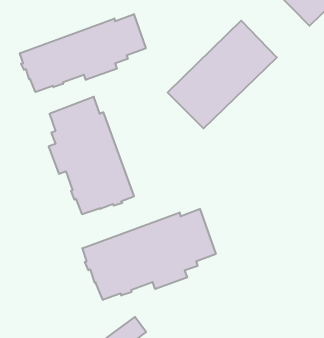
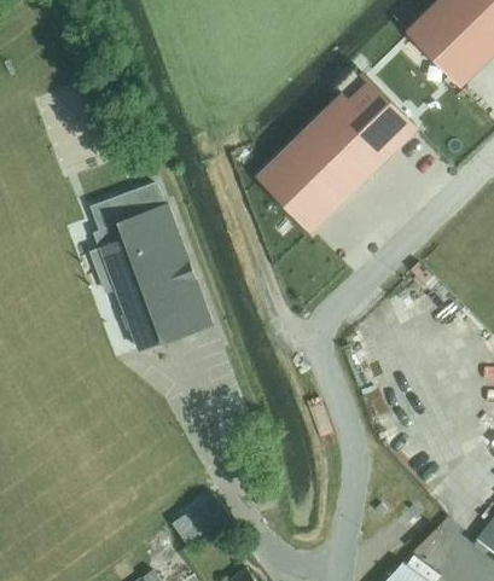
building: [20,14,146,92] -> none
building: [82,209,216,300] -> none

